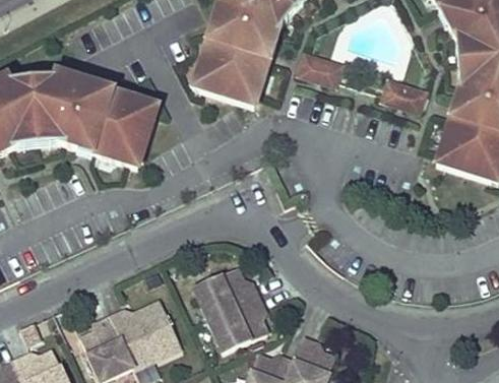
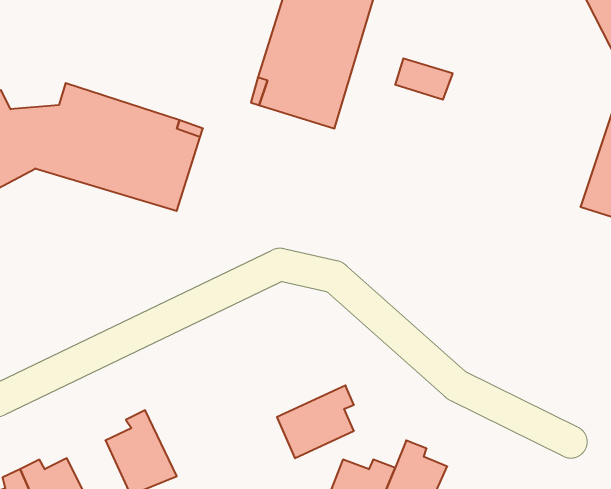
building: [382,78,425,110] -> none
building: [195,263,262,318] -> none
building: [114,297,185,366] -> none

